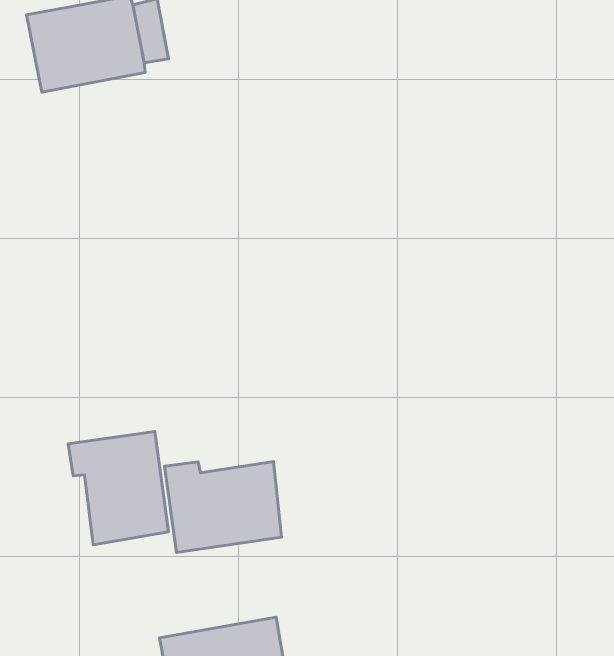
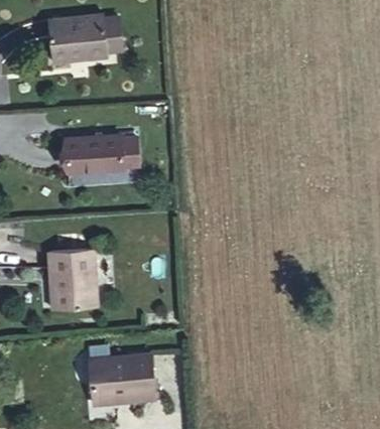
building: none -> [67,135,139,172]
building: [165,461,282,552] -> none

